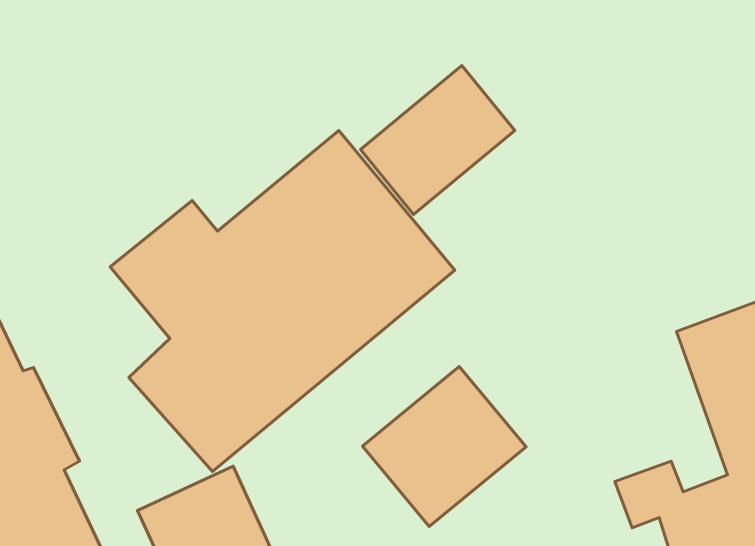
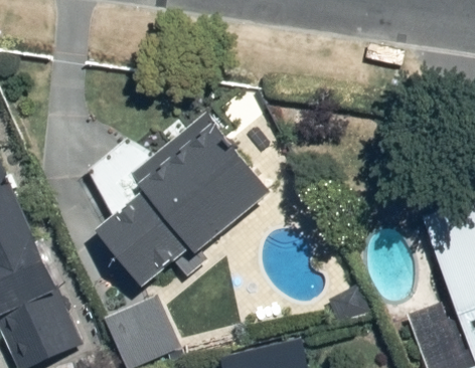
building: [360,65,515,215] -> none
building: [362,367,526,527] -> none

